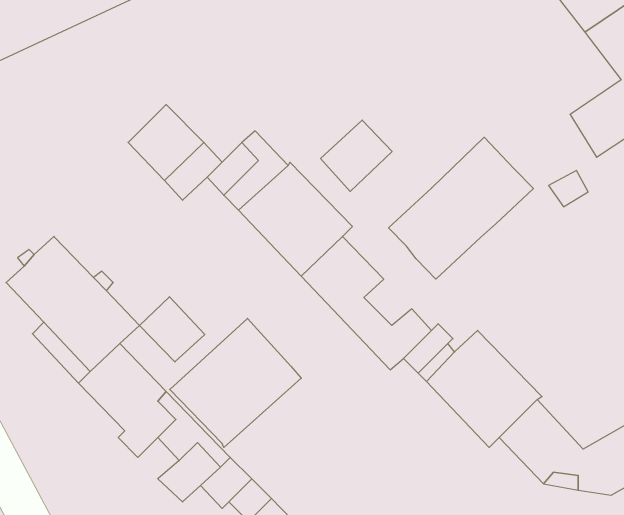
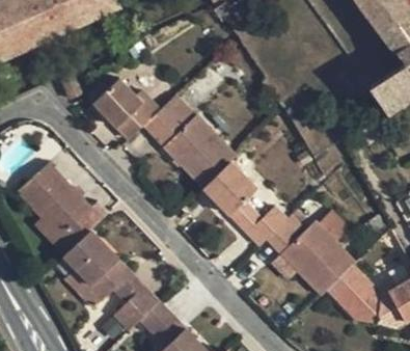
building: [321,120,392,191] -> none
building: [389,137,533,279] -> none
building: [140,297,205,362] -> none
building: [170,318,301,447] -> none

